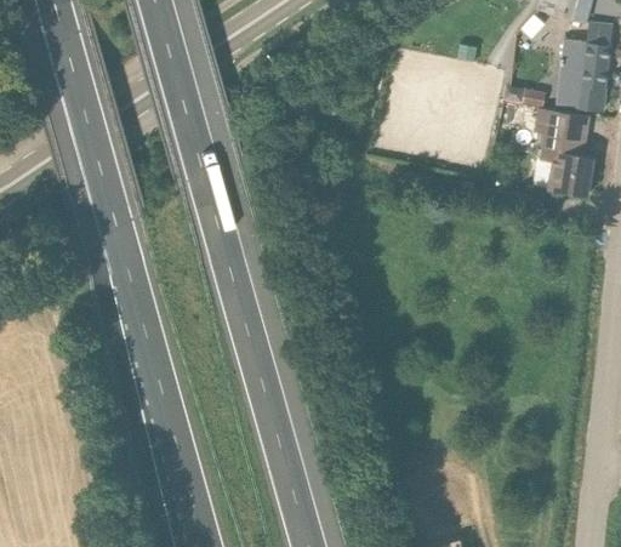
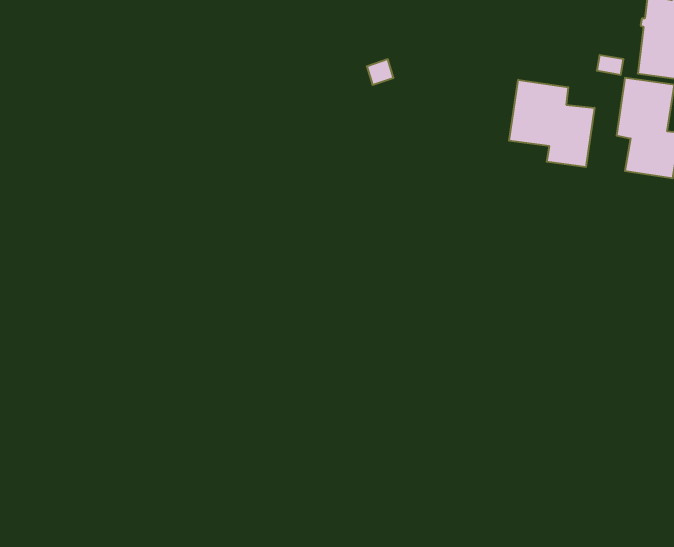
building: none -> [509,80,594,167]

